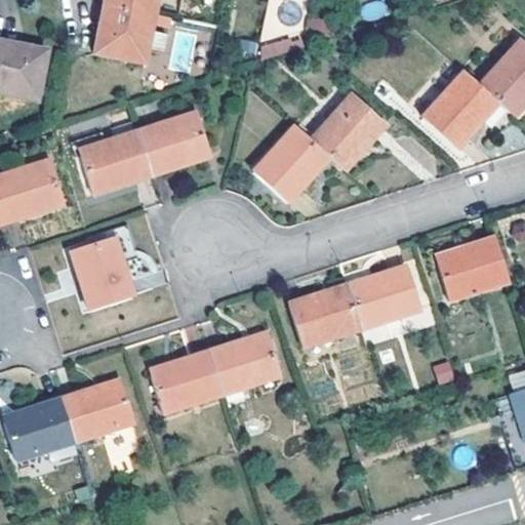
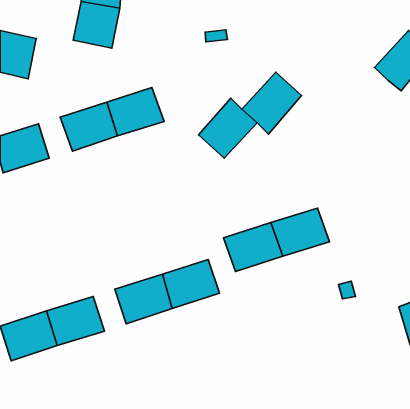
building: [423,72,496,148] -> none
building: [71,235,133,309] -> none
building: [432,238,509,300] -> none

